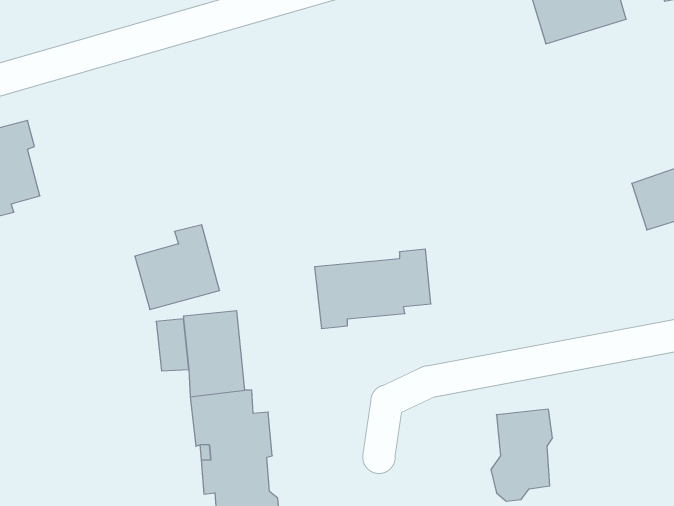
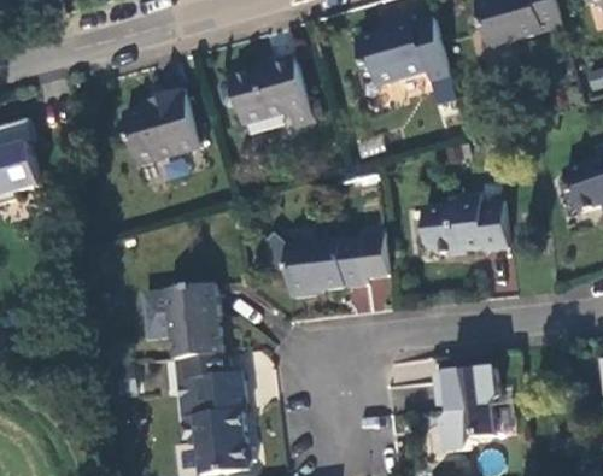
building: none -> [356,14,447,92]
building: none -> [218,59,310,128]
building: none -> [423,193,507,253]
building: [135,225,220,310] -> [123,94,198,169]

